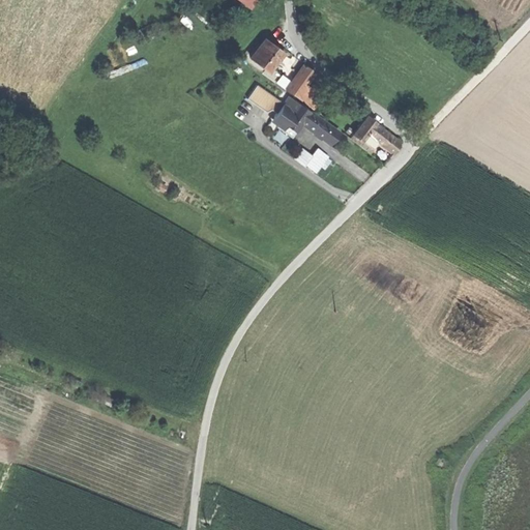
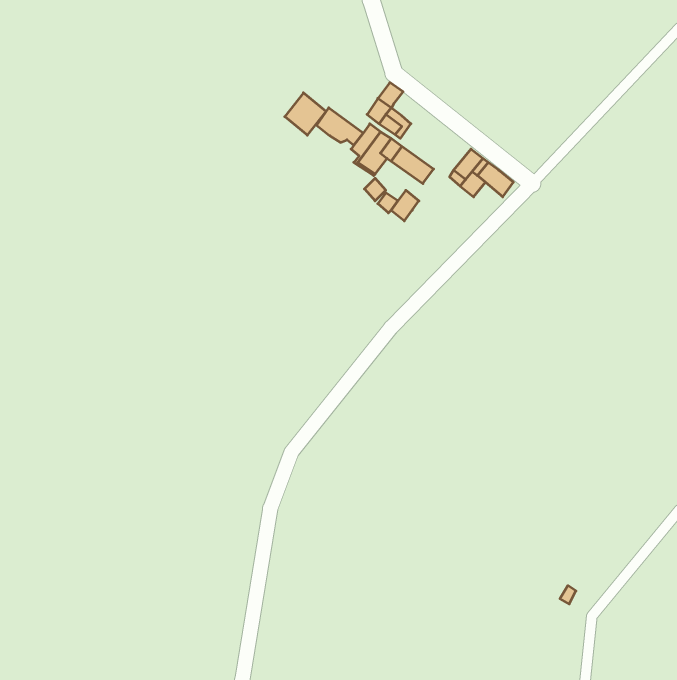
building: [252,38,284,71] -> [285,93,326,135]

